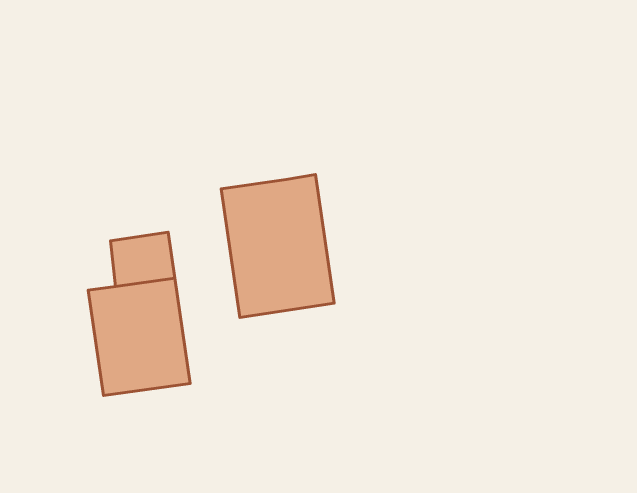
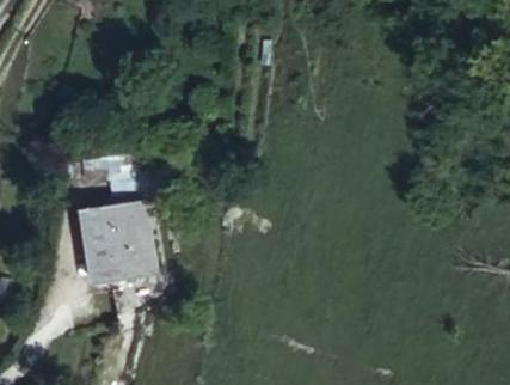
building: [221,174,334,318] -> none

